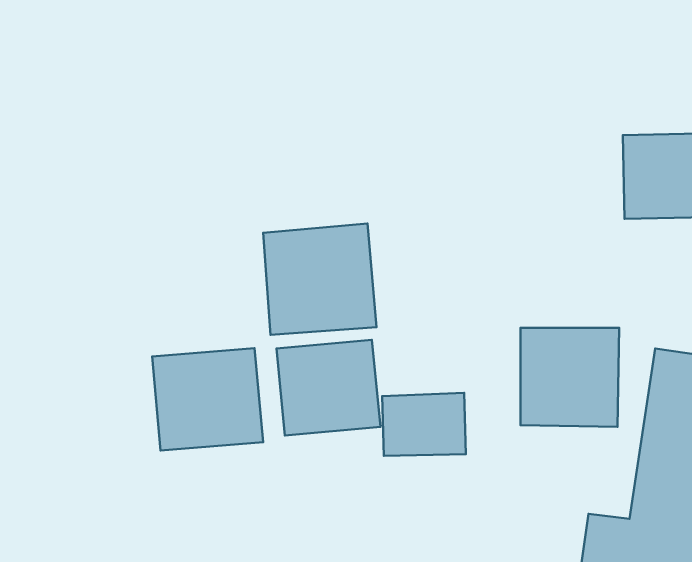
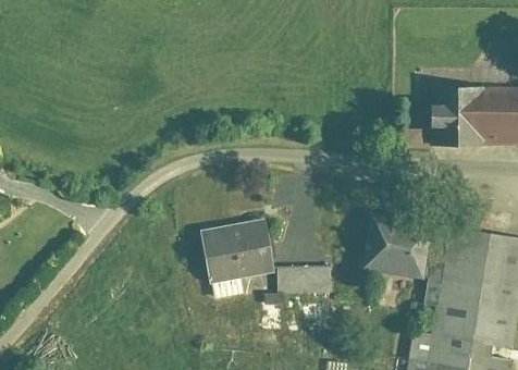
building: [263,224,377,335] -> none
building: [152,348,263,451] -> none

